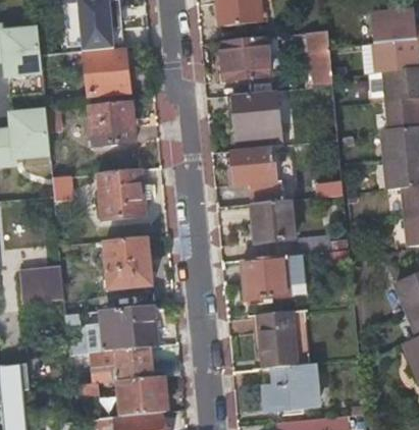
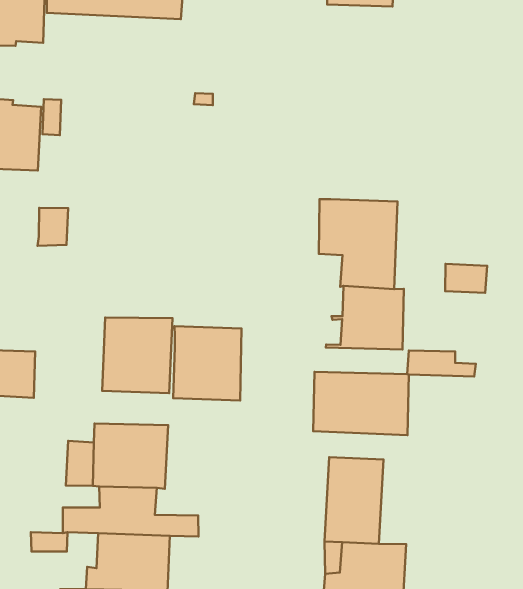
building: [308,30,333,88] -> none
building: [221,36,268,79] -> none
building: [85,51,128,95] -> none
building: [226,91,281,149] -> none
building: [90,101,135,146] -> none
building: [98,169,146,219] -> [173,326,241,401]

